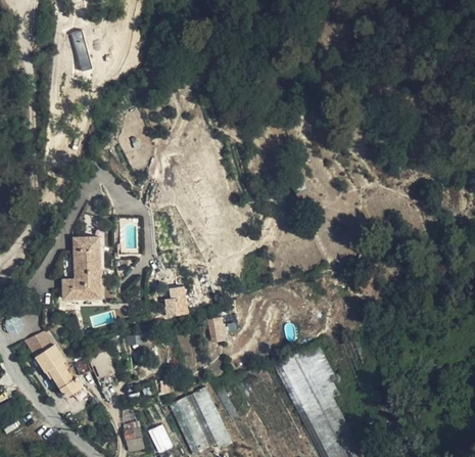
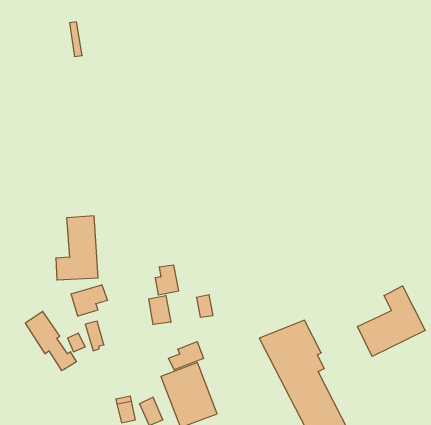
building: none -> [71,285,107,316]
building: none -> [357,286,425,356]
building: none -> [149,295,171,325]
building: none -> [169,342,204,370]

